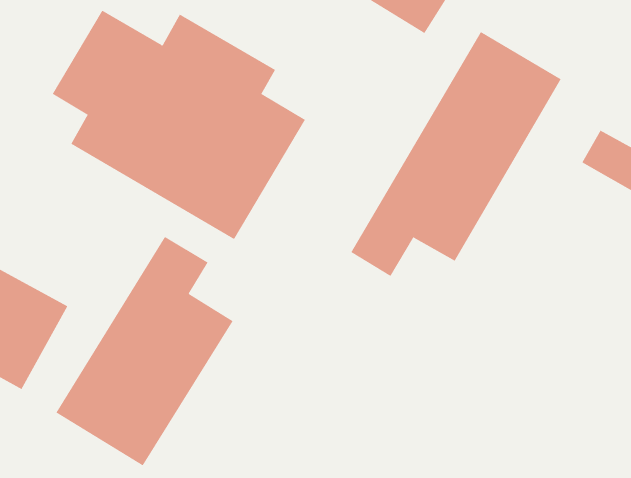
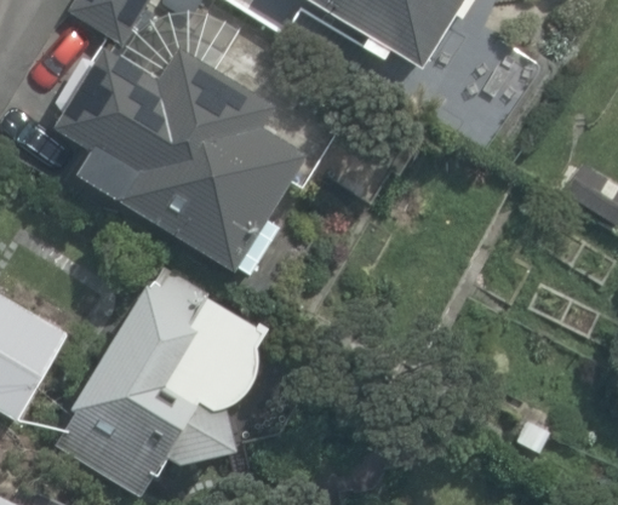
building: [350,31,562,277] -> none

